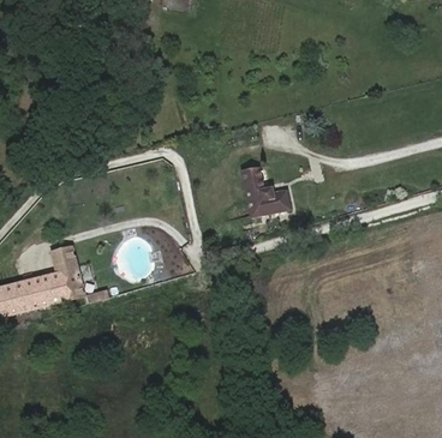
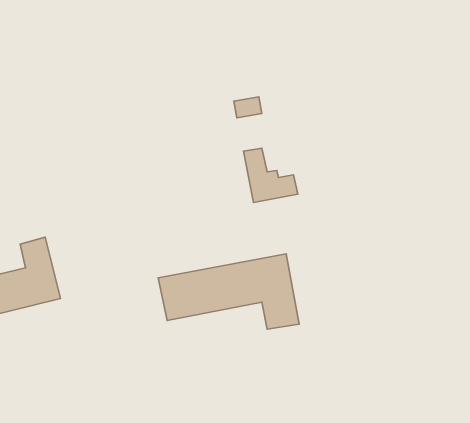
building: none -> [158,254,299,329]

